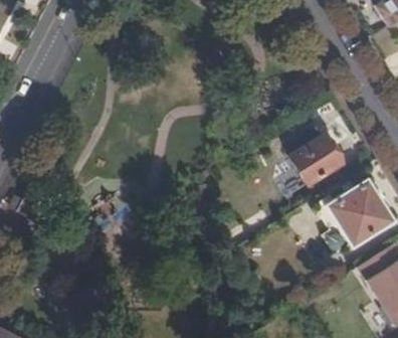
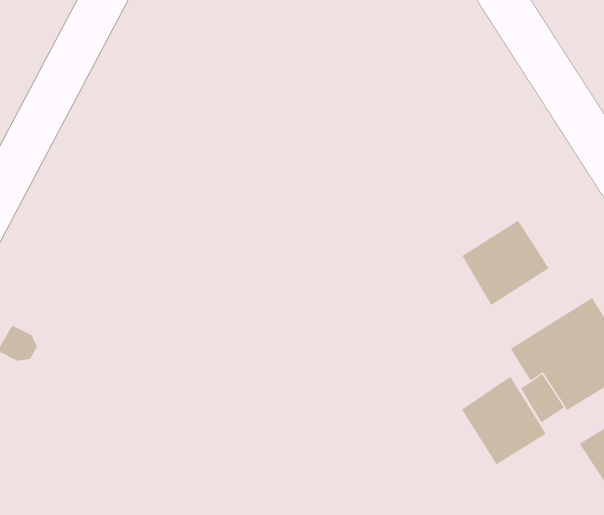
building: none -> [461,376,547,465]

